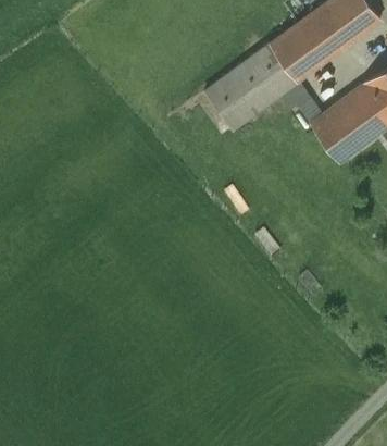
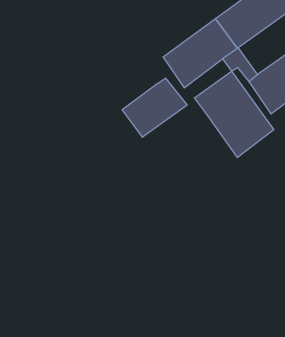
building: none -> [194,71,274,158]
building: none -> [122,78,187,137]

